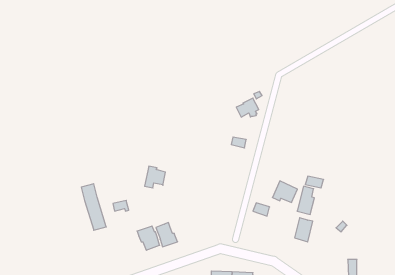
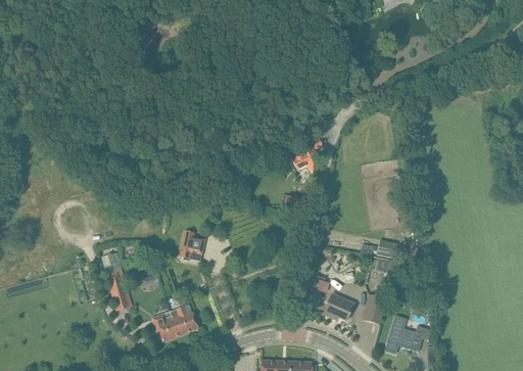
building: [272,181,297,202] -> [323,293,353,320]
building: [156,223,178,247] -> [154,311,181,340]
building: none -> [384,316,431,353]

